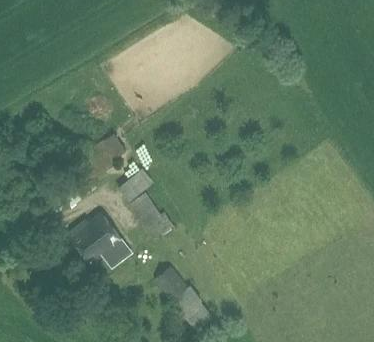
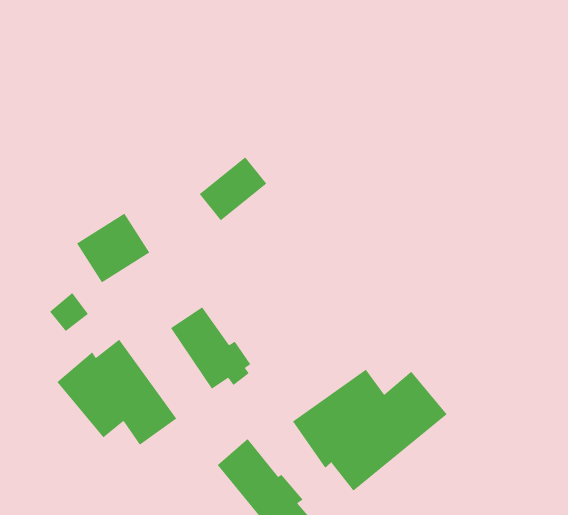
building: [115,167,153,203] -> [199,156,267,221]
building: none -> [292,369,447,492]

